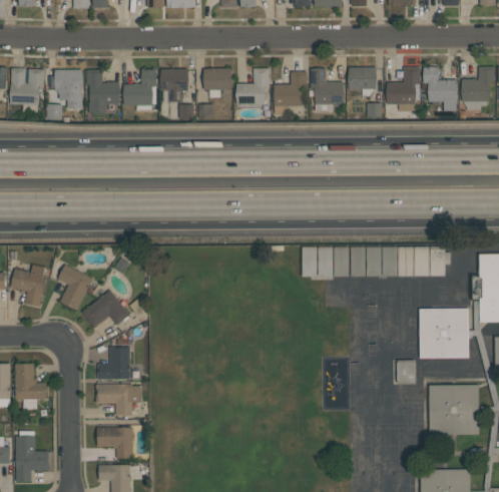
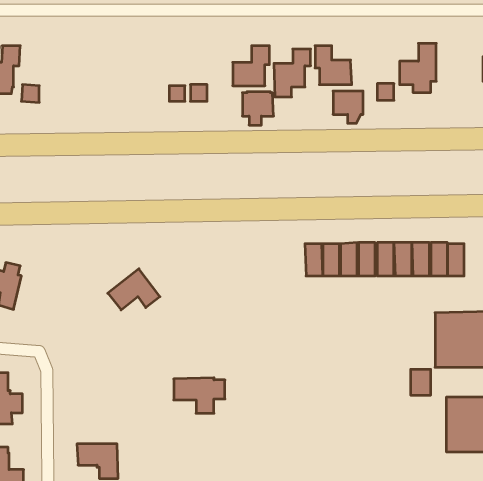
building: [423,66,456,110] -> none
building: [203,67,231,97] -> [242,92,274,125]
building: [349,67,376,96] -> [333,91,363,123]
building: [124,68,156,110] -> none
building: [160,68,188,101] -> none
building: [55,69,82,116] -> none
building: [86,69,119,113] -> none
building: [58,264,93,310] -> none
building: [82,290,129,327] -> [108,269,160,310]
building: [98,346,130,379] -> none
building: [96,383,142,415] -> [174,378,225,413]

